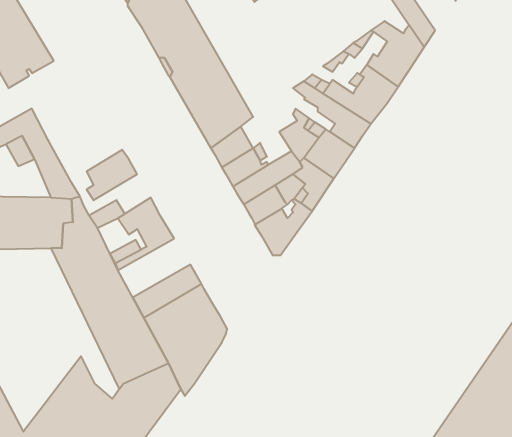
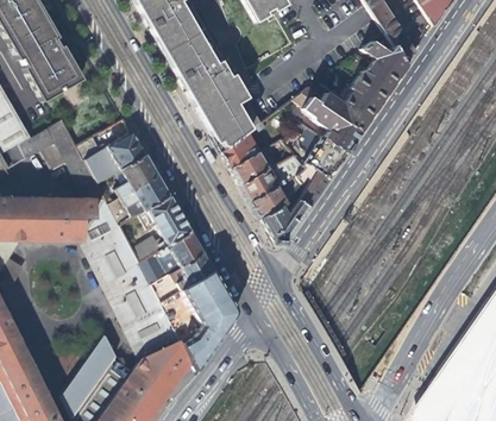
building: none -> [80,132,144,183]
building: none -> [111,176,169,212]
building: none -> [140,232,203,283]

